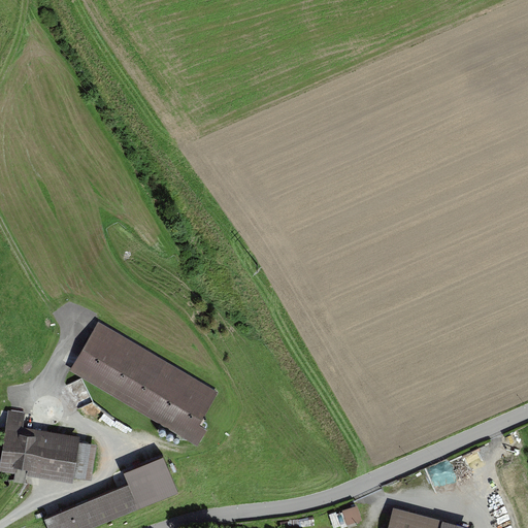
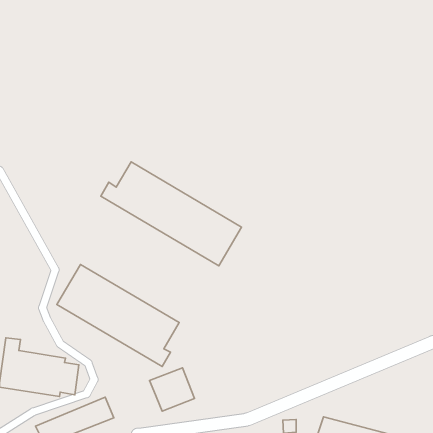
building: none -> [101,162,241,266]
building: [123,456,177,508] -> [149,368,194,411]

